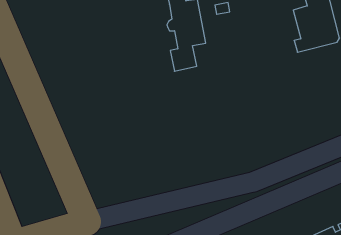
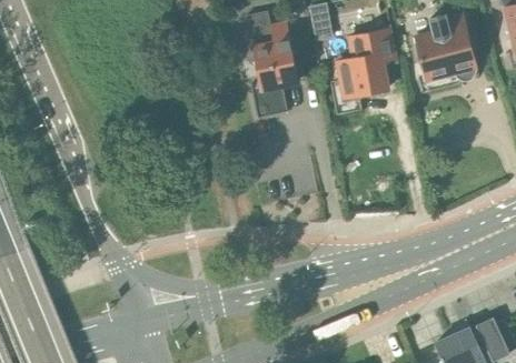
building: none -> [329,28,394,113]

